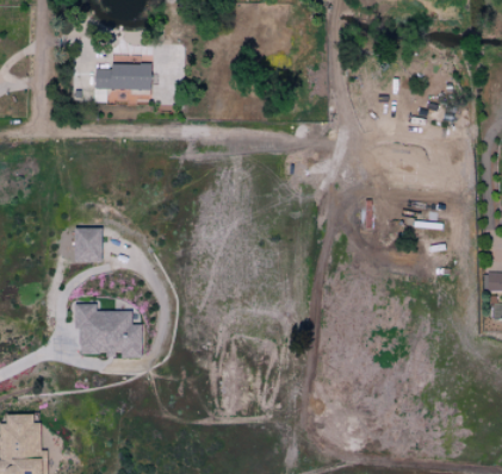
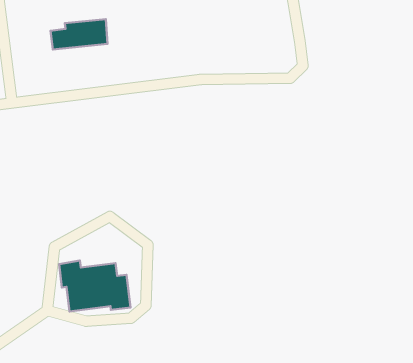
building: [73,227,101,261] -> none

